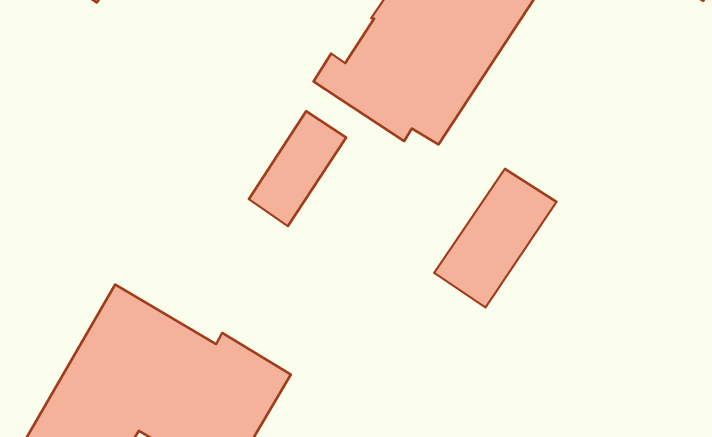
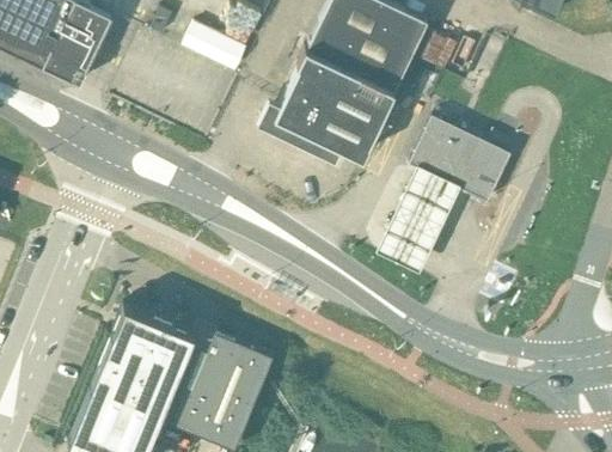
building: none -> [409,116,512,203]
building: [249,111,346,226] -> none

